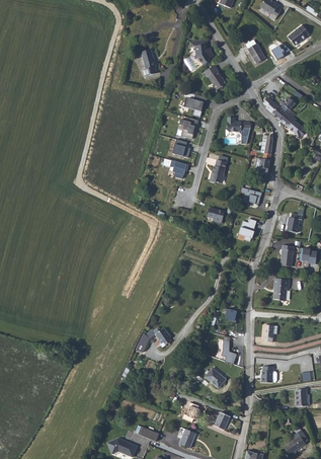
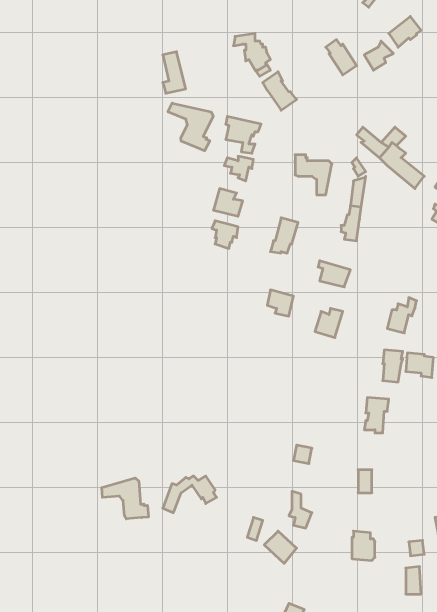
building: none -> [168,103,213,151]
building: none -> [102,478,148,519]

